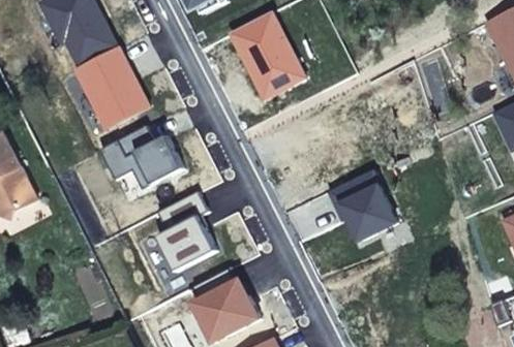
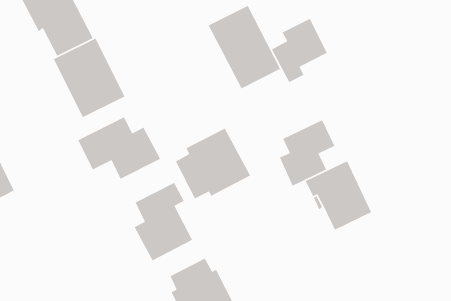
building: none -> [271,18,328,83]
building: none -> [279,119,335,187]
building: none -> [175,128,251,199]

